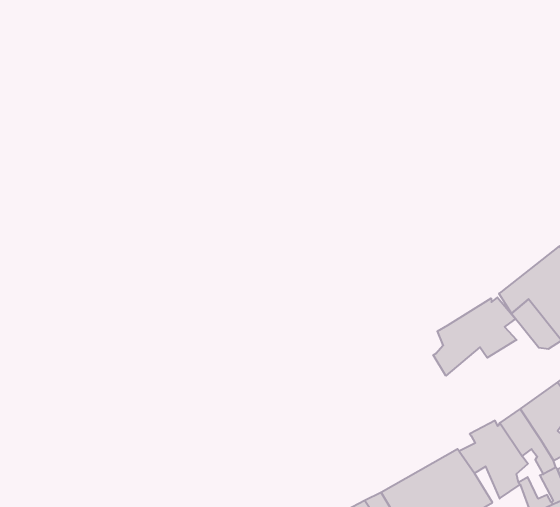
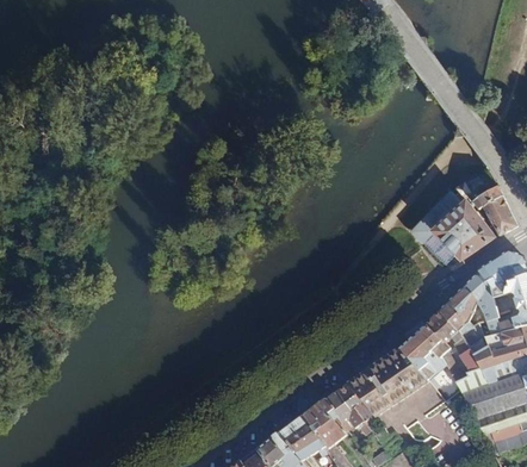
building: [433,297,517,376] -> none

